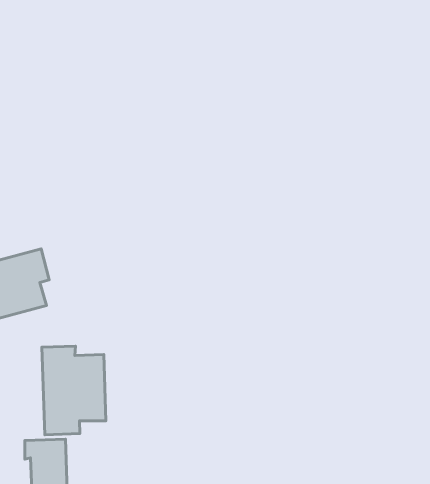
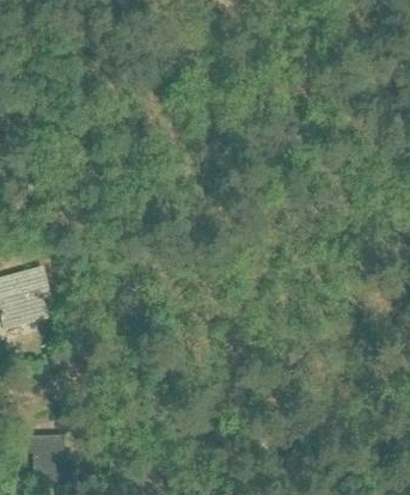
building: [42,346,106,435] -> none

